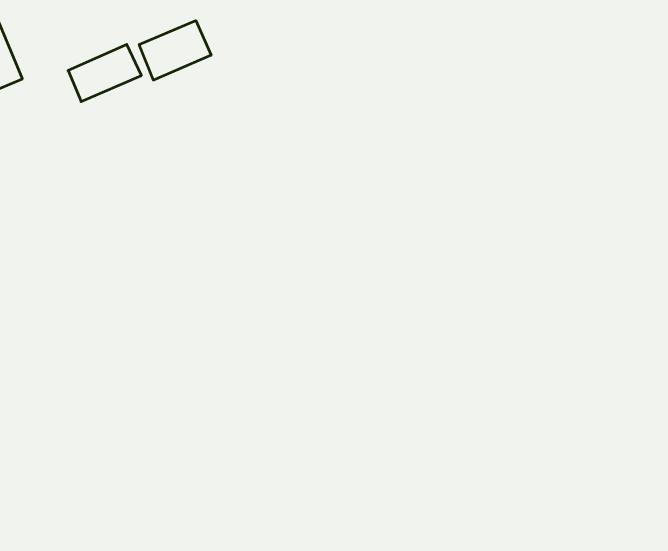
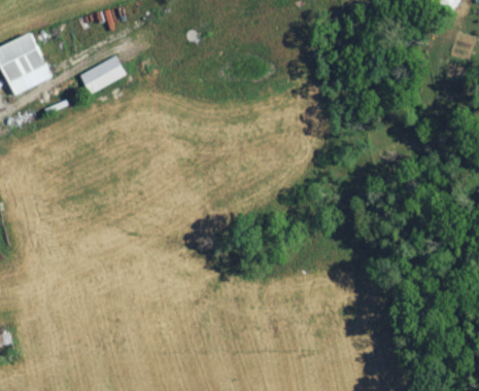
building: [139,21,211,80] -> none

